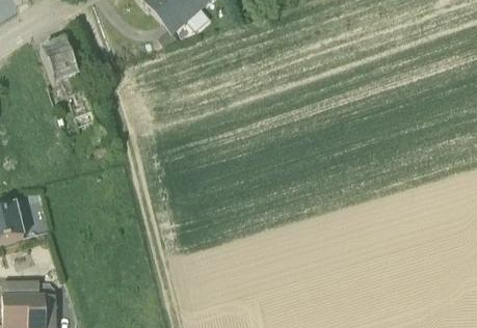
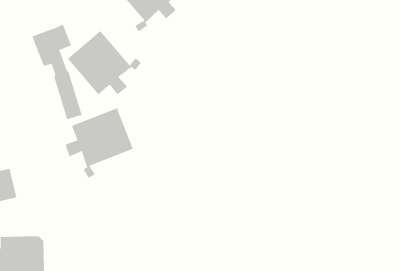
building: none -> [67,30,142,95]
building: none -> [65,108,134,179]

